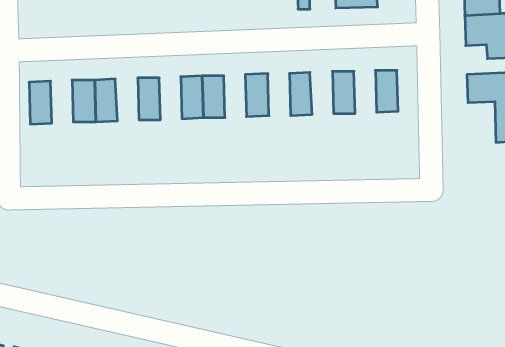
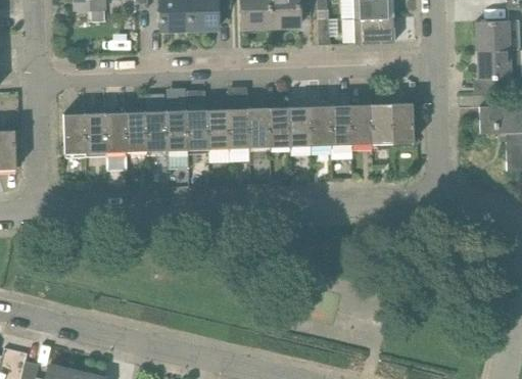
building: none -> [372,103,393,144]
building: none -> [330,104,352,145]
building: none -> [290,106,312,146]
building: none -> [248,107,270,148]
building: none -> [187,109,208,150]
building: none -> [145,110,168,151]
building: none -> [84,112,105,153]

